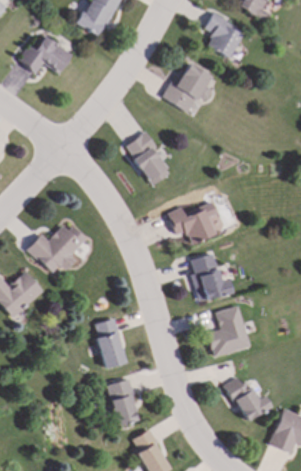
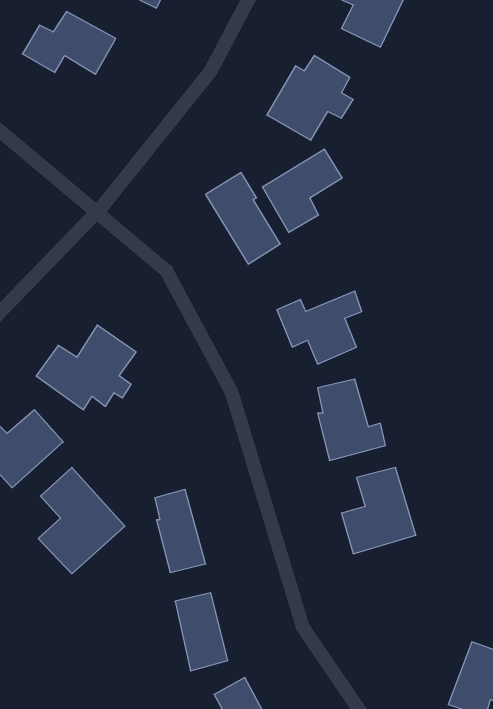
building: none -> [262,149,342,233]
building: none -> [38,467,125,574]
building: [224,377,270,421] -> none

